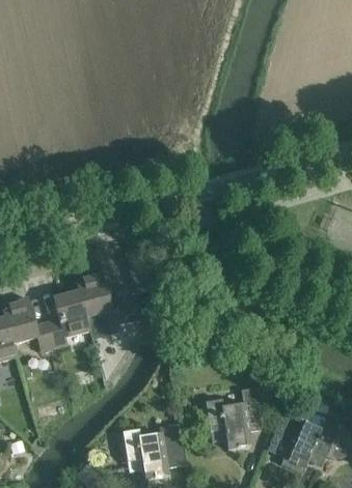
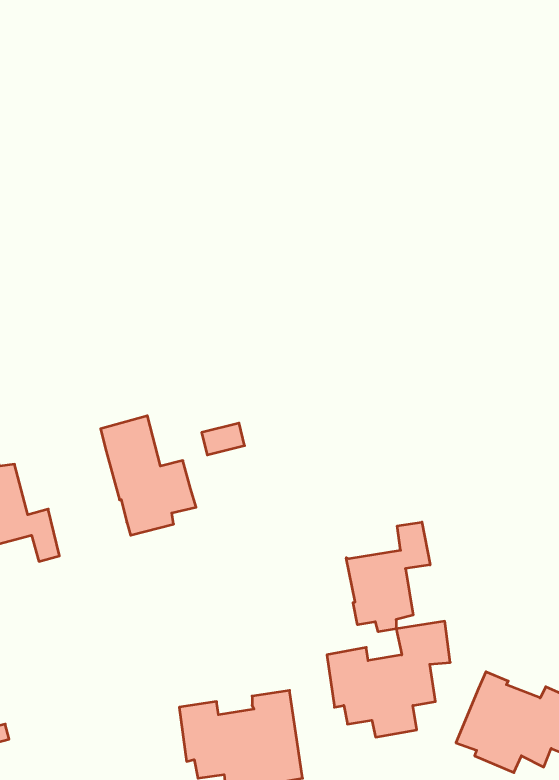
building: [46,291,89,349] -> none
building: none -> [346,522,430,632]

